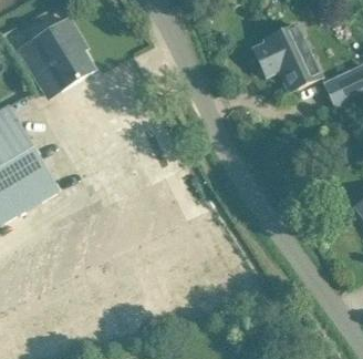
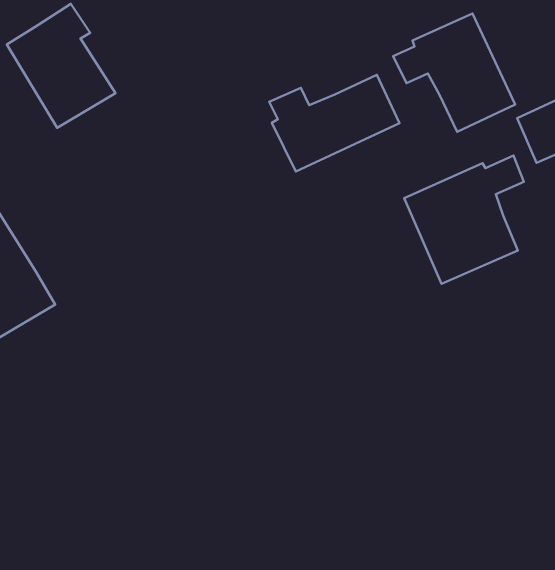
building: none -> [269,75,400,172]
building: none -> [404,156,524,284]

